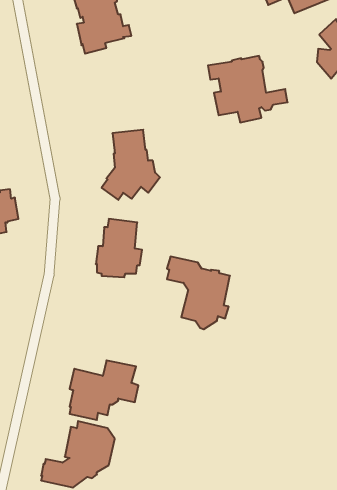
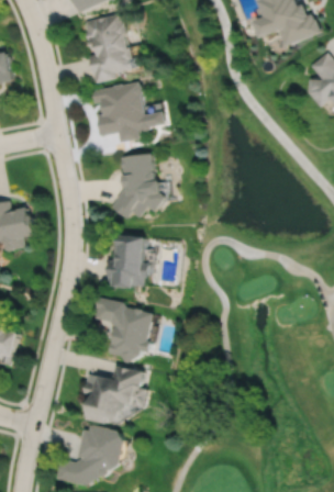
building: [208,56,288,122] -> [90,81,164,143]
building: [167,257,230,329] -> [93,298,152,365]

